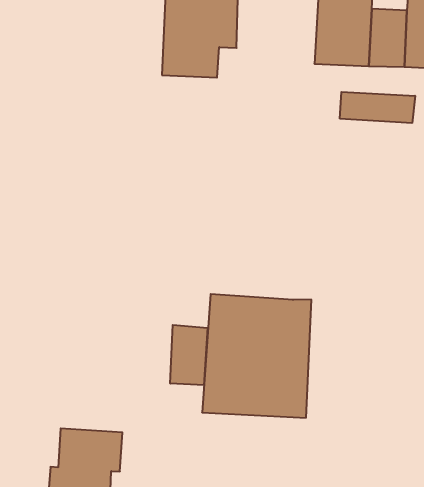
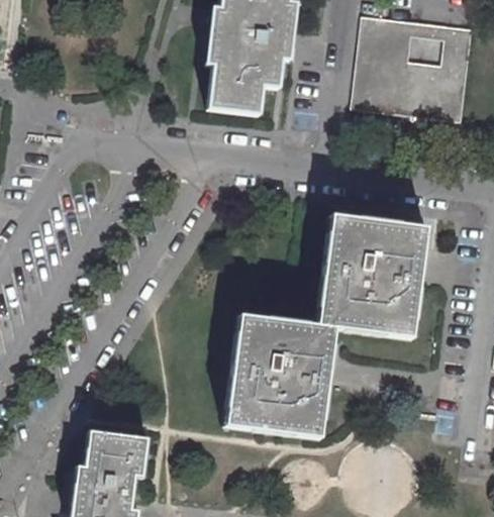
building: [340,92,415,123] -> none
building: none -> [317,217,426,339]
building: [170,325,207,385] -> none

